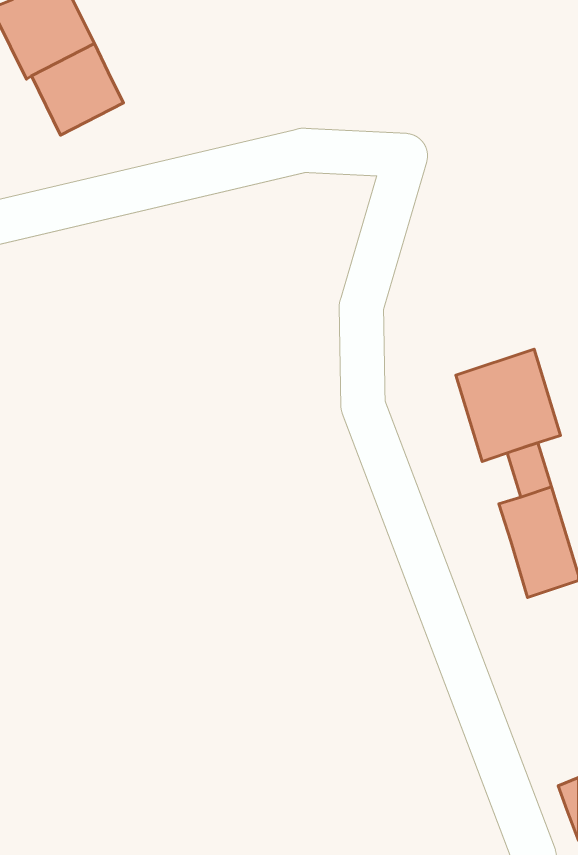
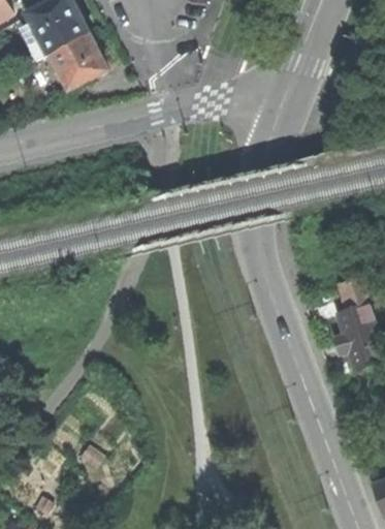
building: [456,349,561,461] -> none

